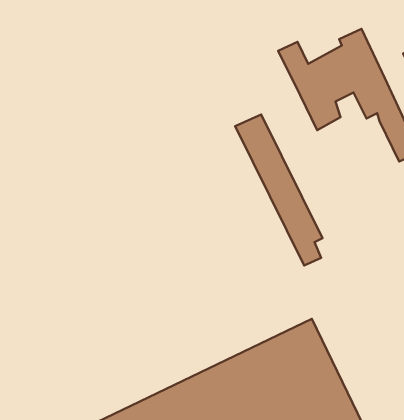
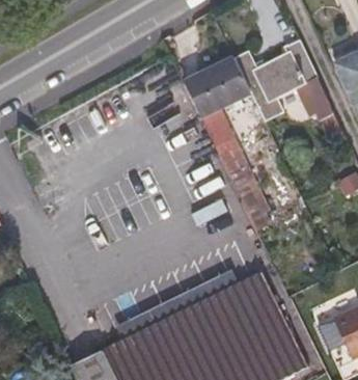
building: none -> [183,56,251,116]

